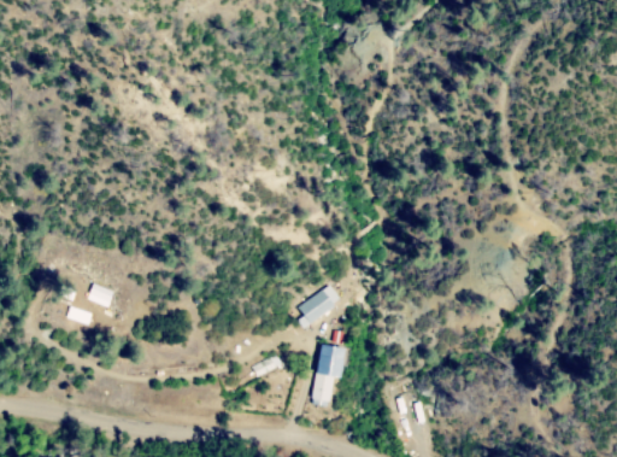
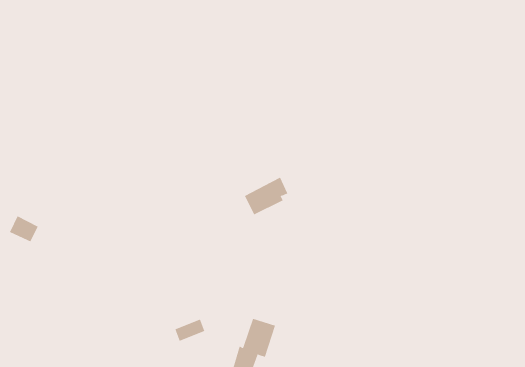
building: [300,283,341,323] -> [244,177,288,215]

